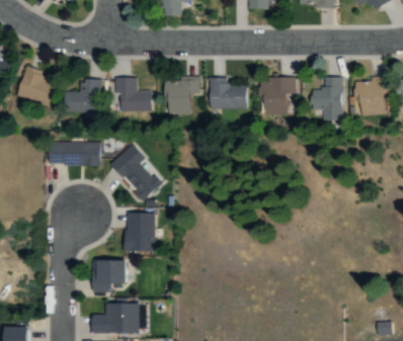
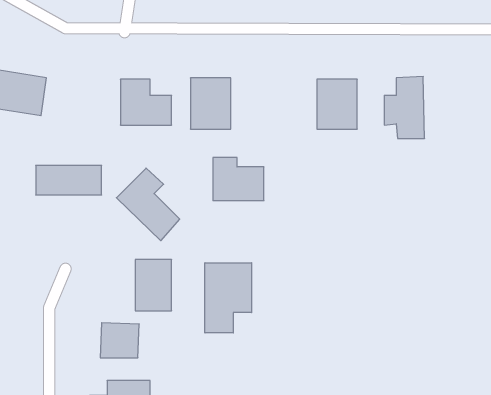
building: [210,77,248,109] -> [213,158,264,201]
building: [70,78,101,112] -> none
building: [356,78,389,115] -> none
building: none -> [205,263,252,333]

